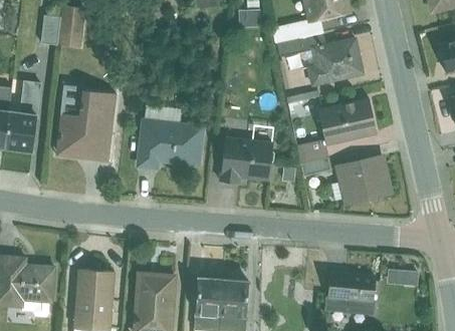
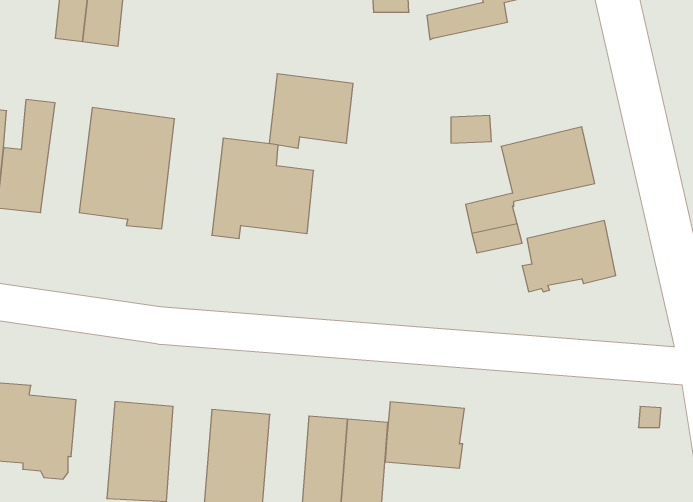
building: [276,32,363,85] -> none
building: [220,136,272,183] -> [269,74,353,148]
building: [326,273,376,314] -> [385,402,464,468]

